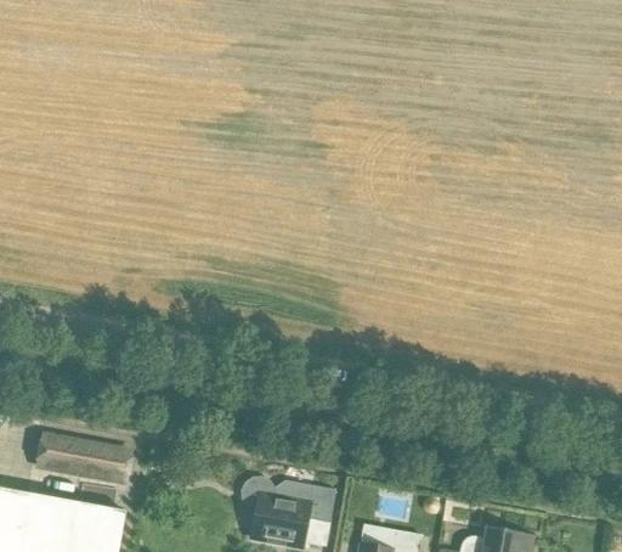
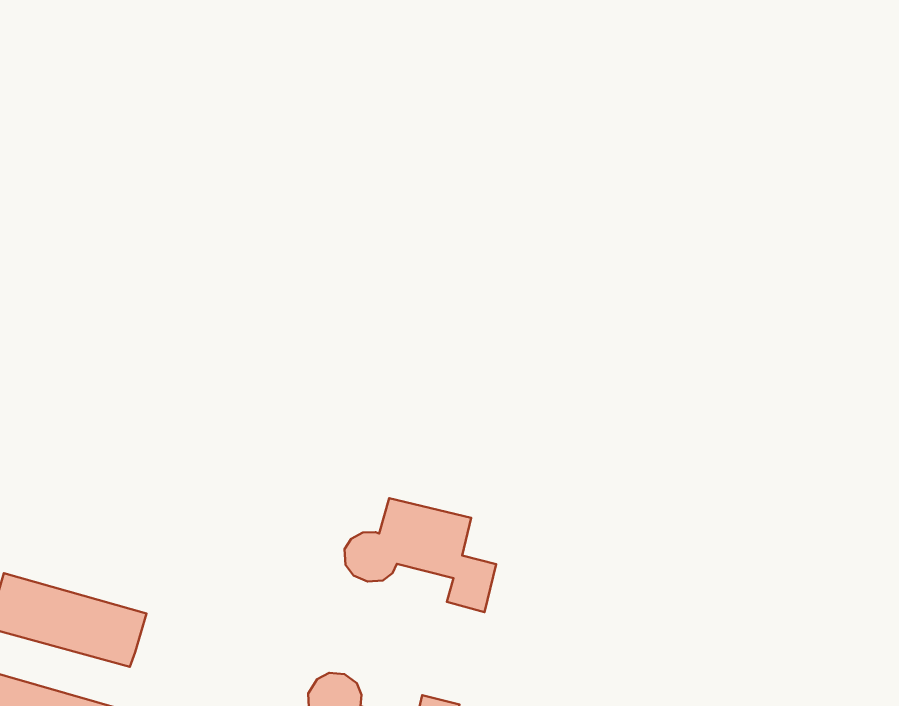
building: none -> [344,498,496,612]

